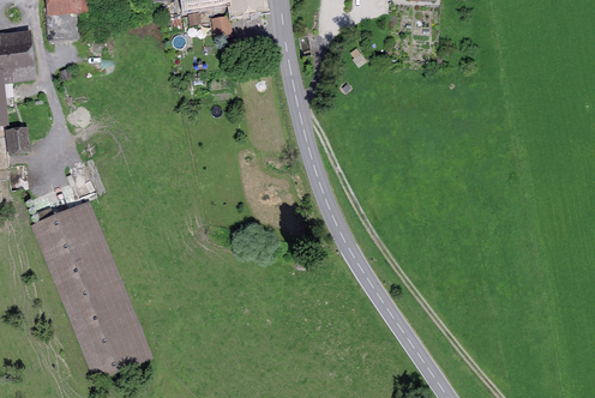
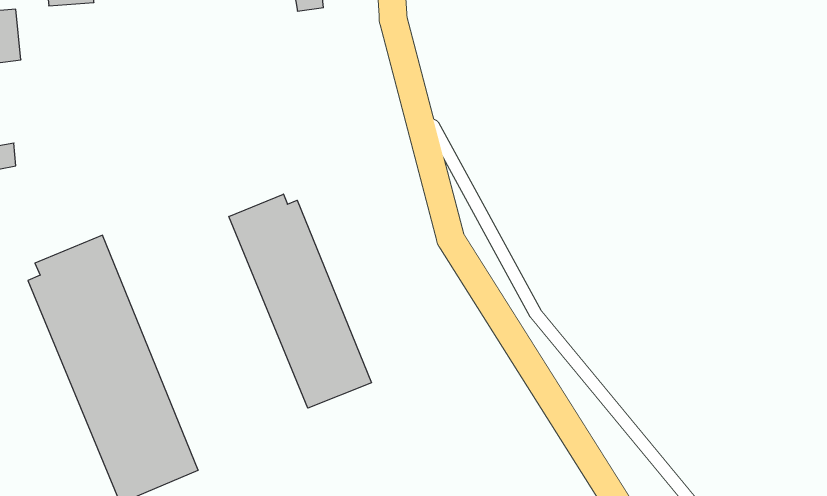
building: none -> [229,194,371,408]

